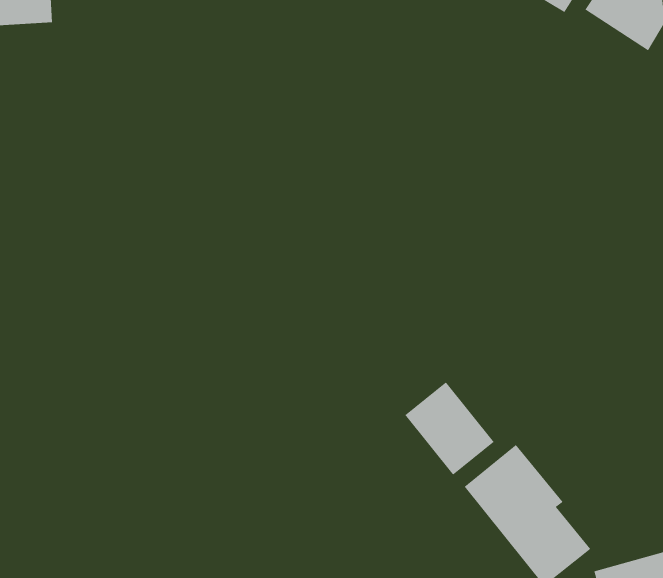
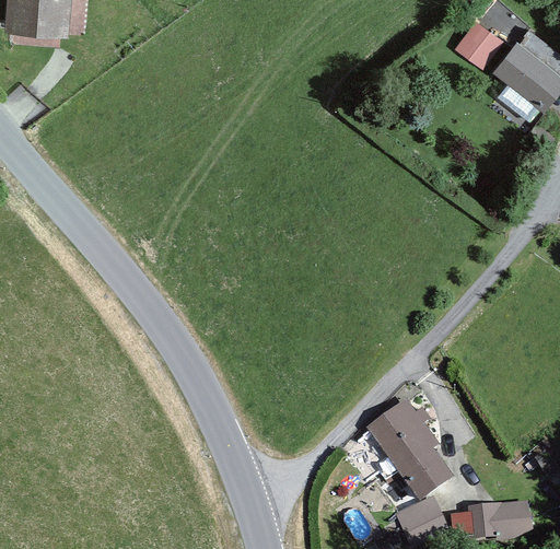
building: [405,381,495,475] -> none

